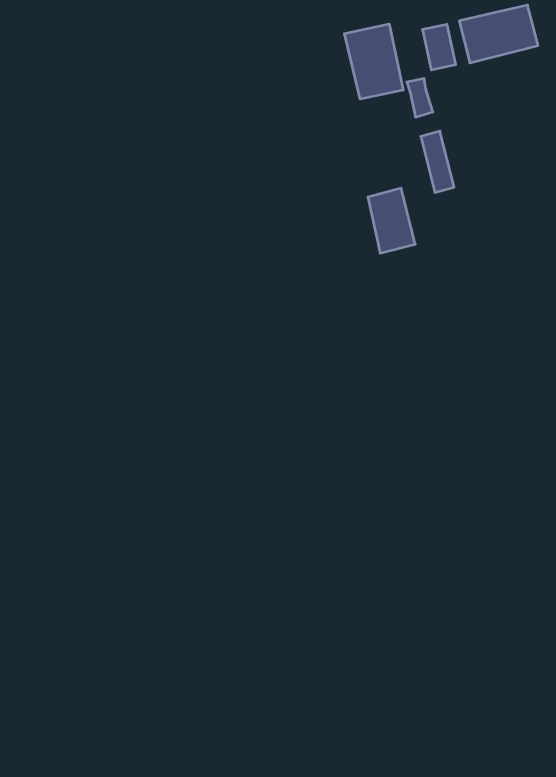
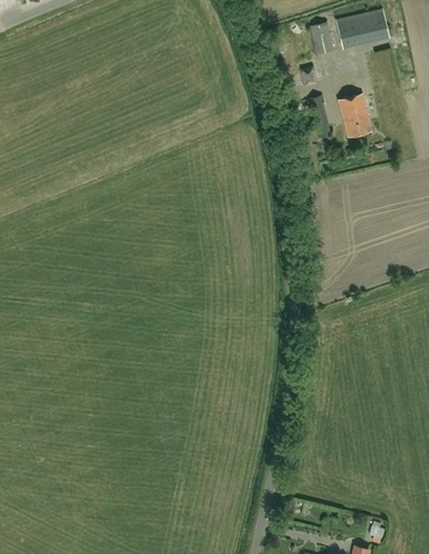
building: [344,24,403,99] -> none
building: [368,188,415,253] -> [338,94,370,138]

